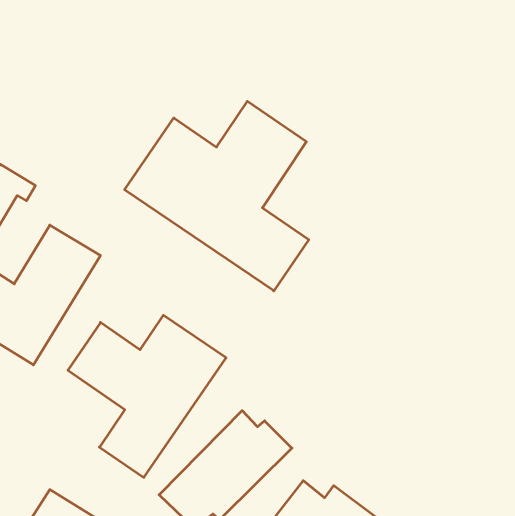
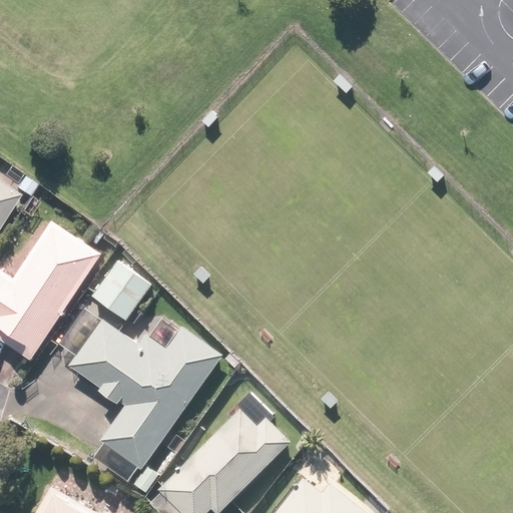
building: [125,101,309,291] -> none
building: none -> [89,262,150,324]

